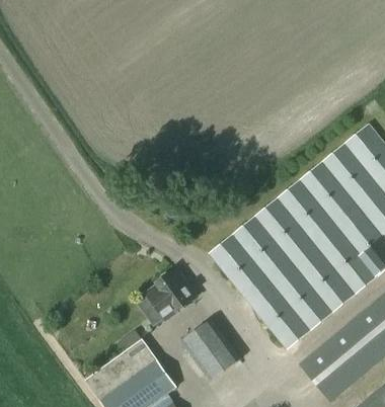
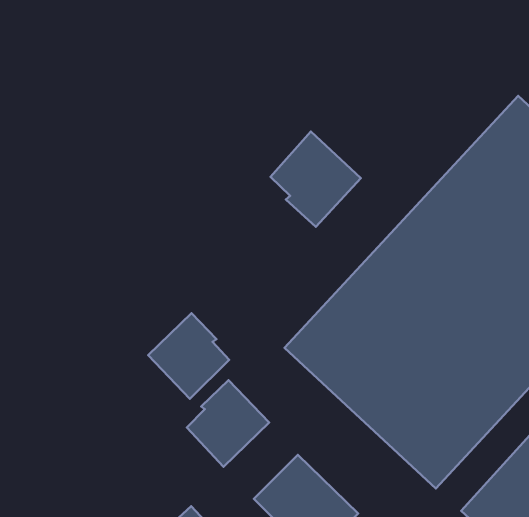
building: none -> [270,131,361,227]
building: none -> [148,313,229,399]

